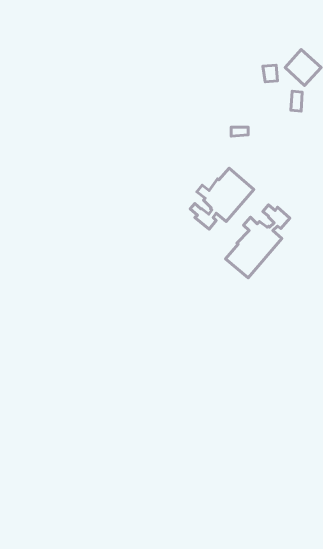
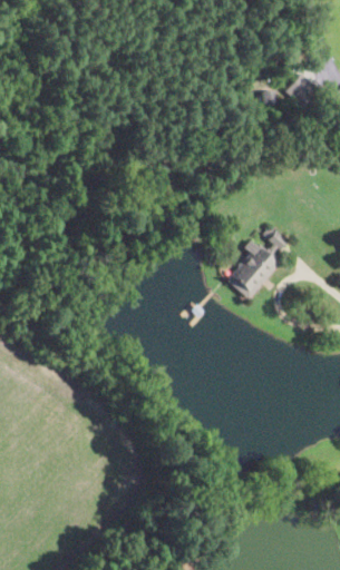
building: [190,168,254,229] -> none

